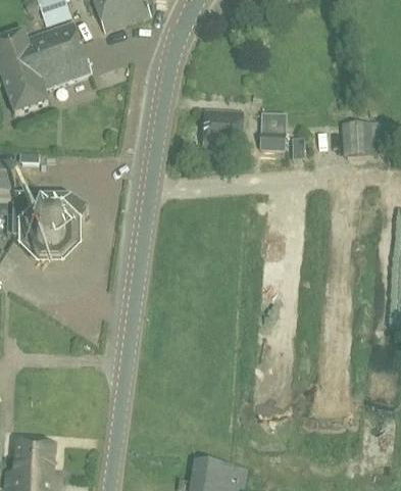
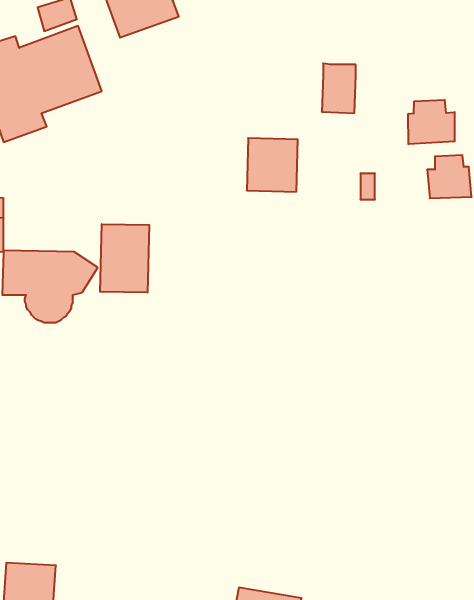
building: none -> [408,100,455,144]
building: [259,112,286,151] -> [322,63,356,113]
building: none -> [100,224,149,293]

